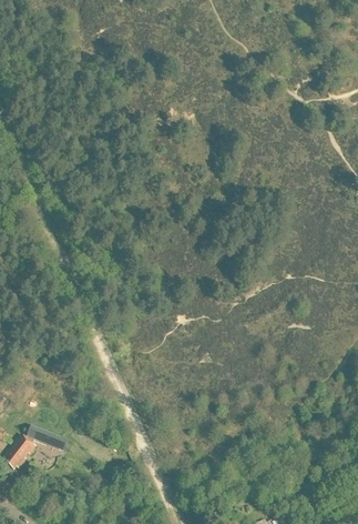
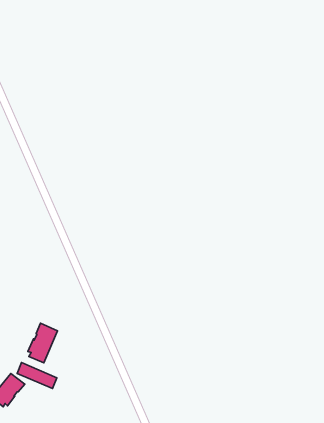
building: none -> [28,323,57,363]

